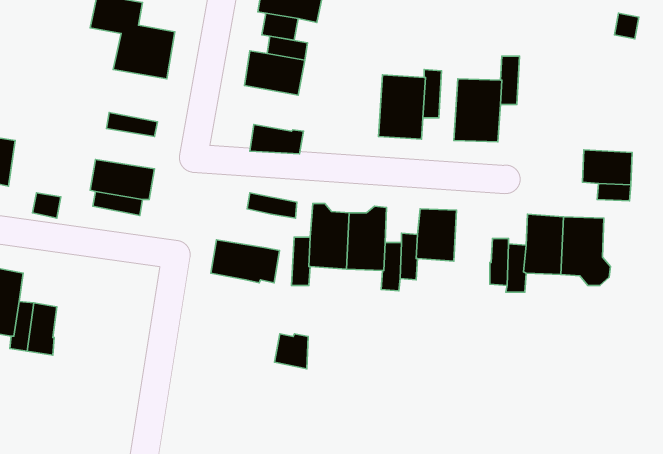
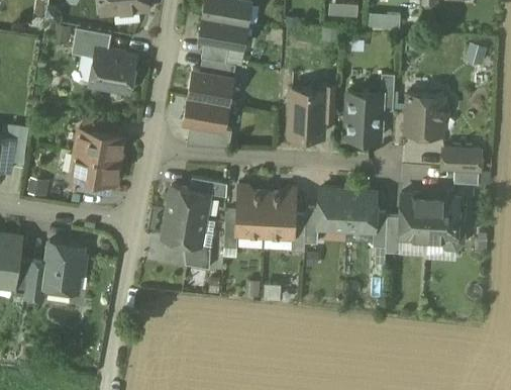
building: none -> [405,93,446,135]
building: none -> [183,97,228,131]
building: none -> [76,128,124,160]
building: none -> [167,187,208,219]
building: none -> [345,191,376,230]
building: none -> [43,242,86,291]
building: [275,334,308,369] -> [185,243,210,270]

